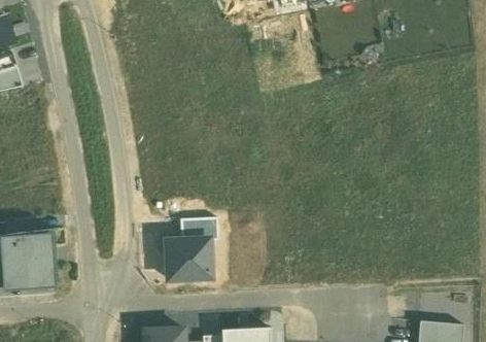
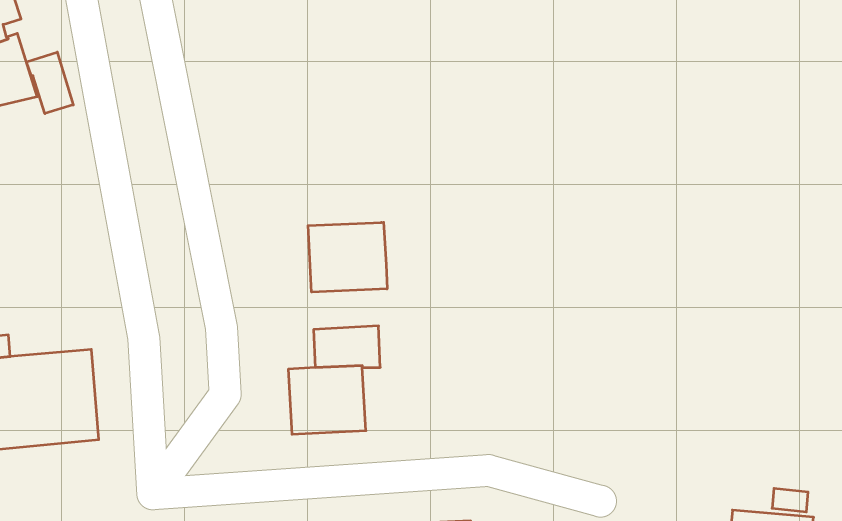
building: none -> [26,52,73,114]
building: none -> [308,222,387,292]

